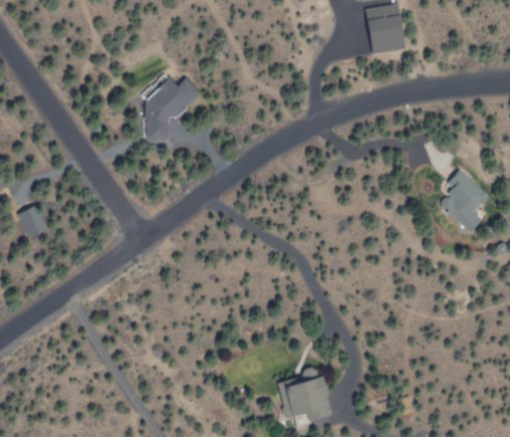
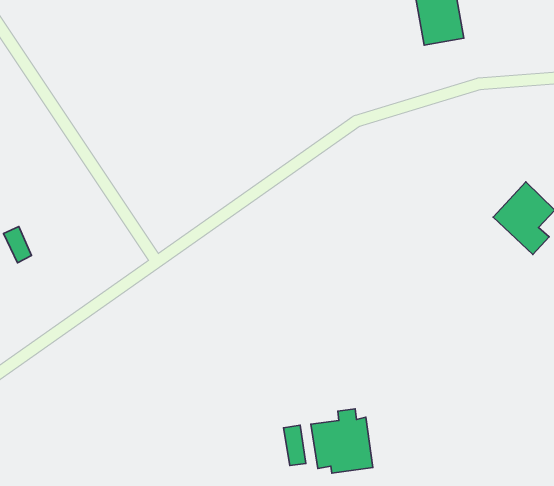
building: [140,72,201,137] -> none
building: none -> [283,425,306,466]

